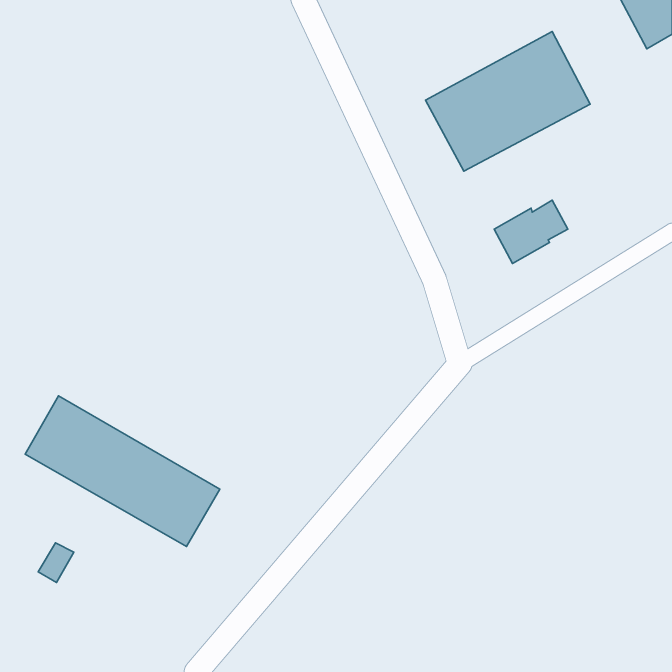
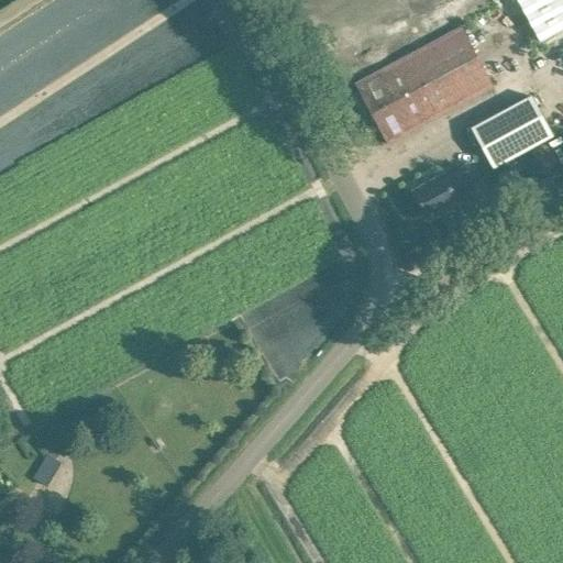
building: none -> [471,95,553,167]
building: [25,396,220,546] -> none

